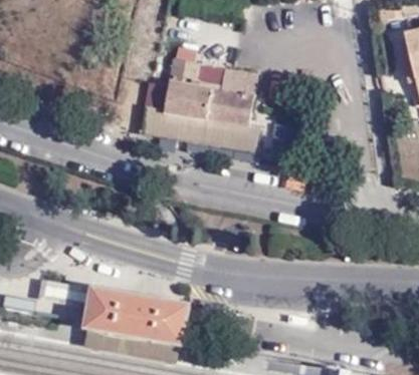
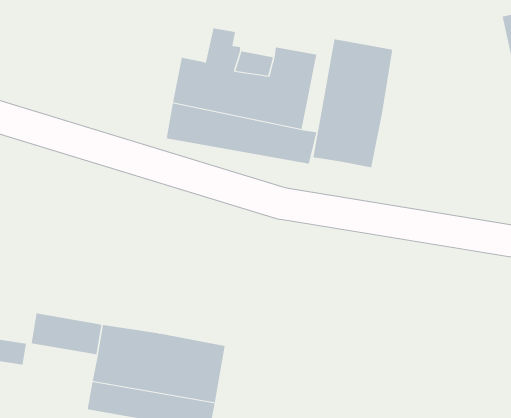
building: none -> [313,39,393,168]

